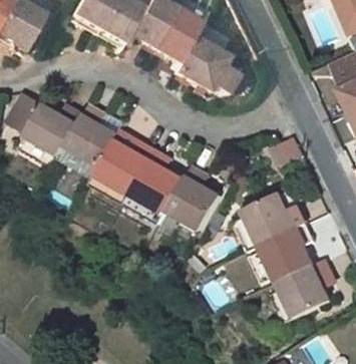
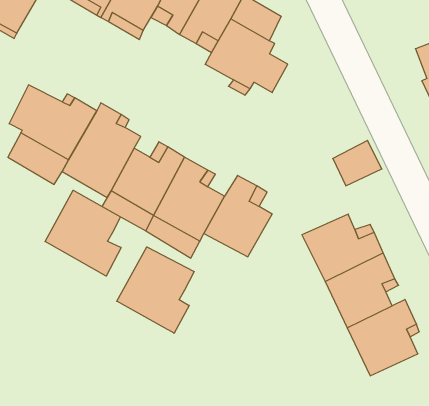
building: none -> [45,190,121,276]
building: none -> [117,247,194,333]

